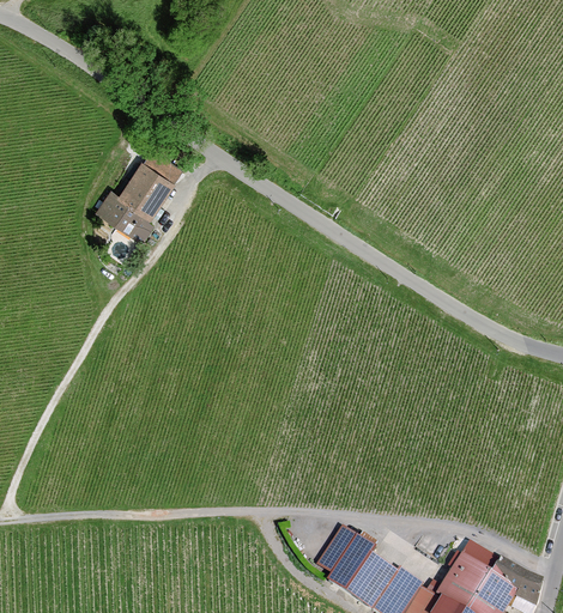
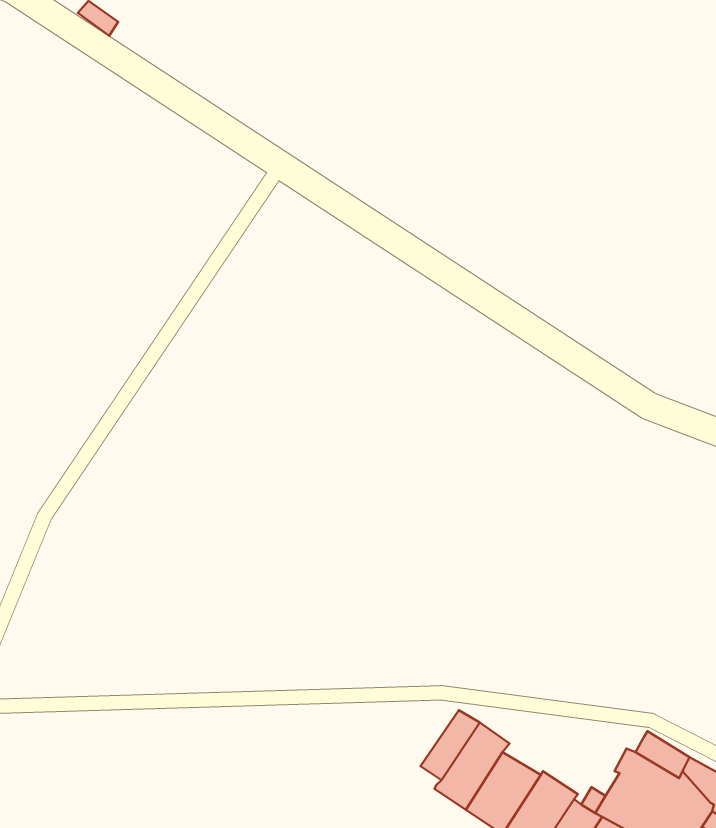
building: [96,152,180,242] -> none

